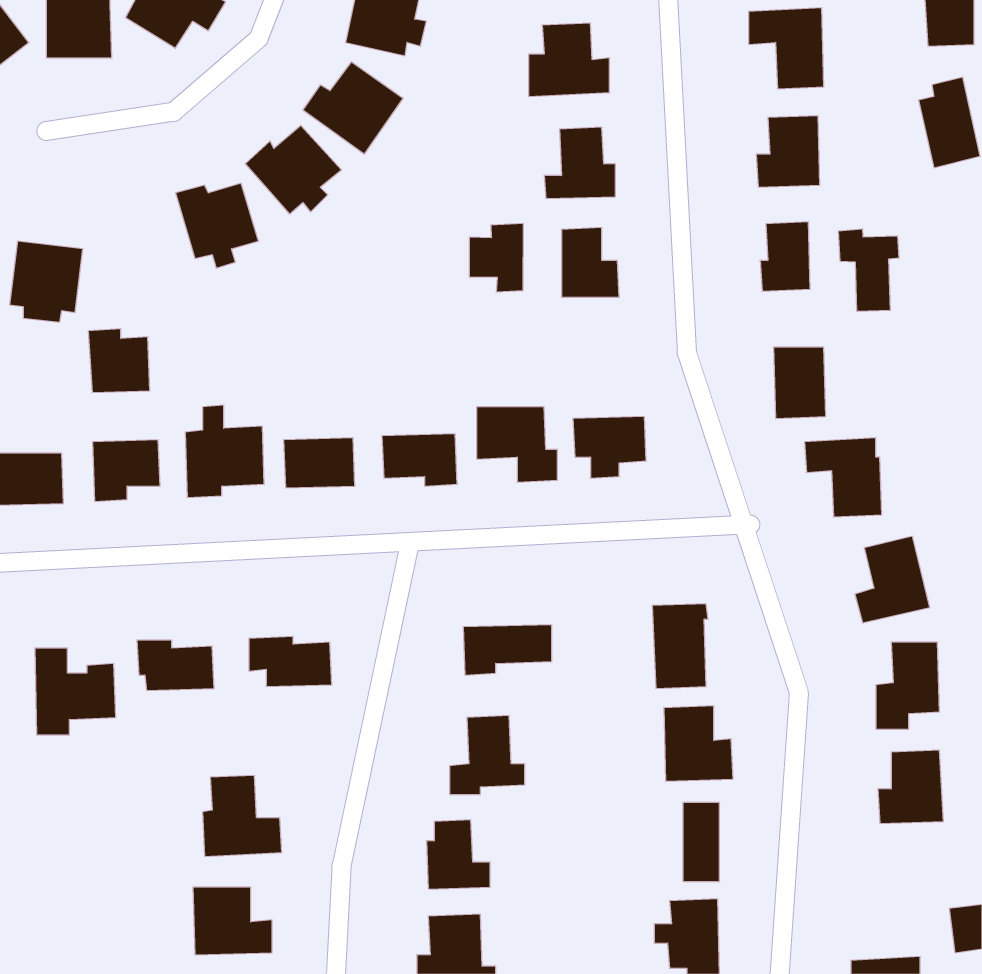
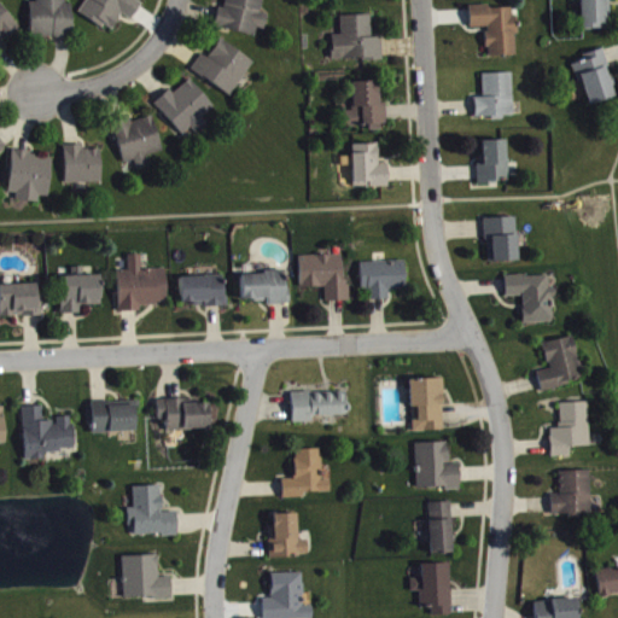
building: [470,223,523,292] -> none
building: [838,229,899,311] -> none
building: [88,329,150,393] -> [62,144,100,183]

